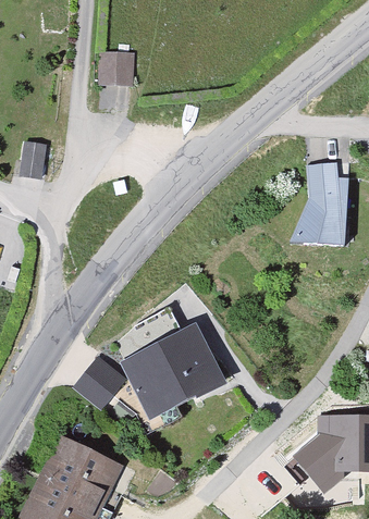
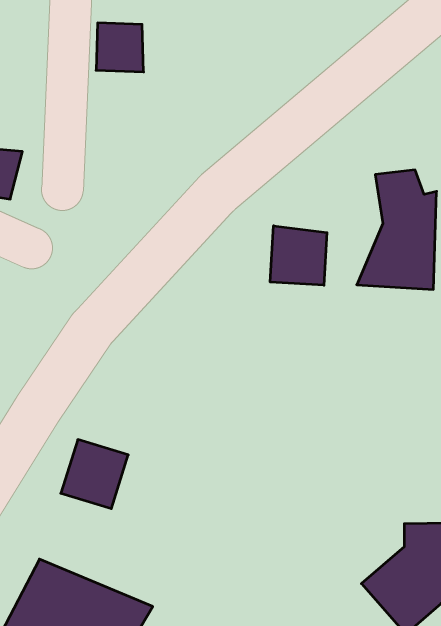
building: none -> [270,226,327,285]
building: [116,310,229,405] -> none

